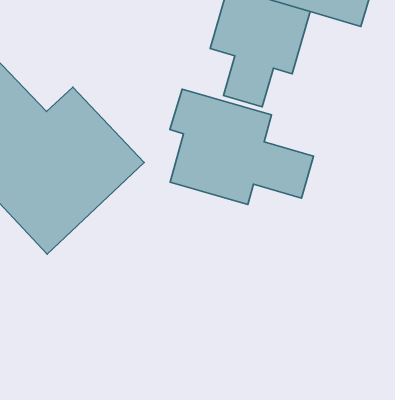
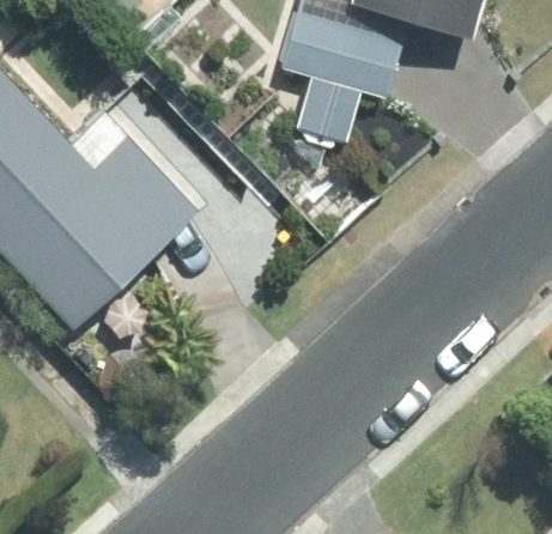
building: [170,89,314,205] -> none

